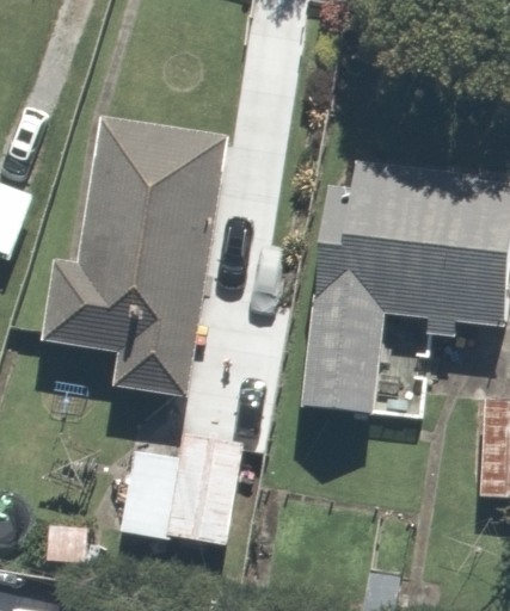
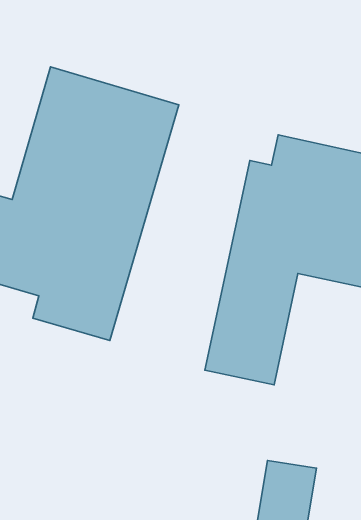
building: [117,443,240,545] -> none

